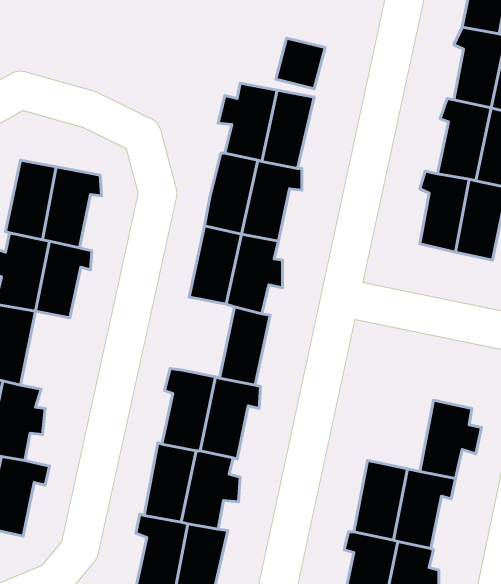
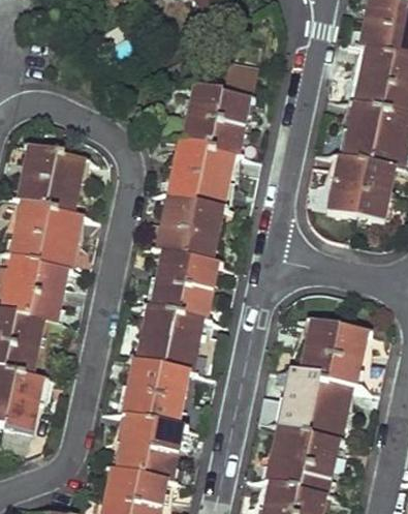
building: none -> [150,251,189,311]
building: none -> [28,261,67,323]
building: none -> [295,322,339,382]

